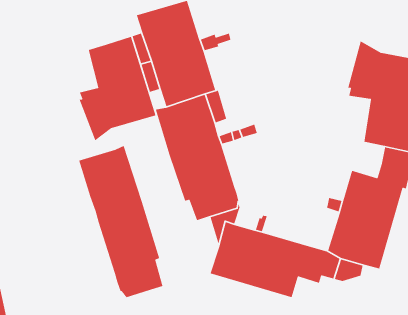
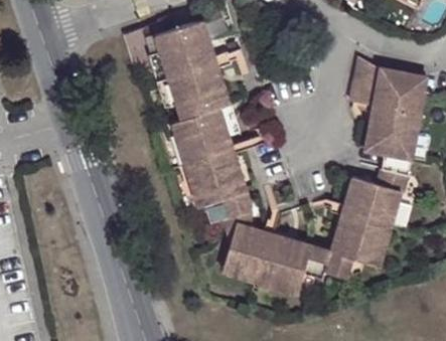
building: [79,36,156,141] -> none
building: [78,145,164,298] -> none

